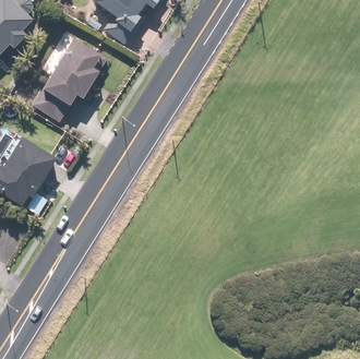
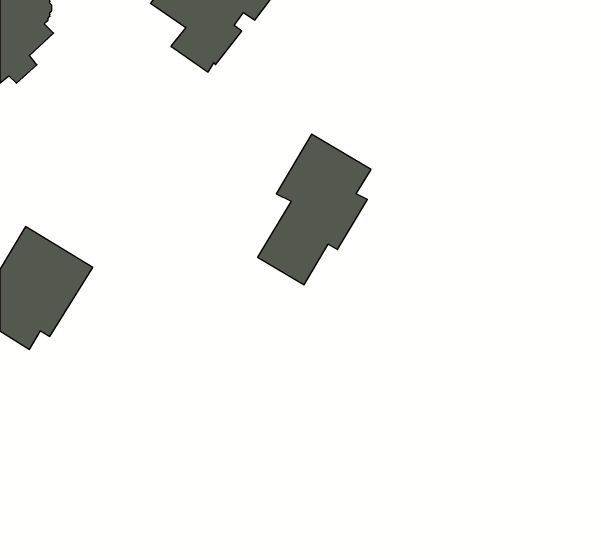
building: [33,34,99,122] -> [258,134,371,285]

